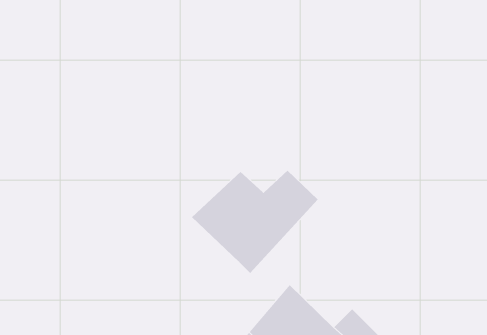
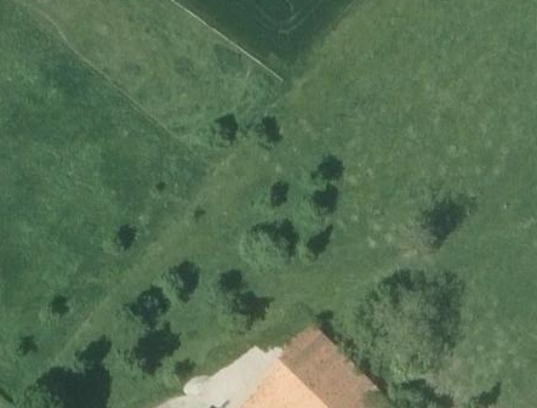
building: [191,170,318,274] -> none

